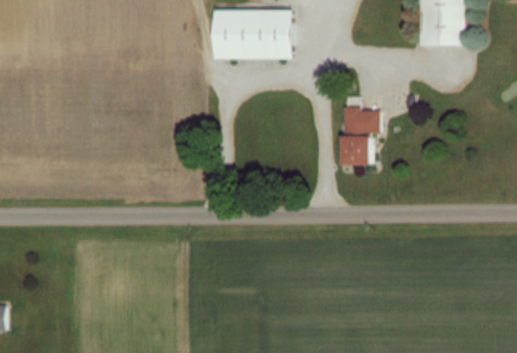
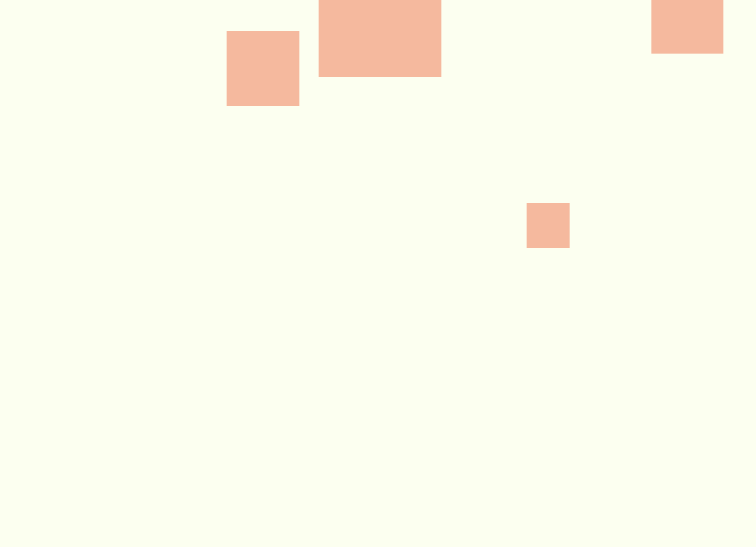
building: none -> [226,30,300,107]
building: [341,108,378,133] -> none

